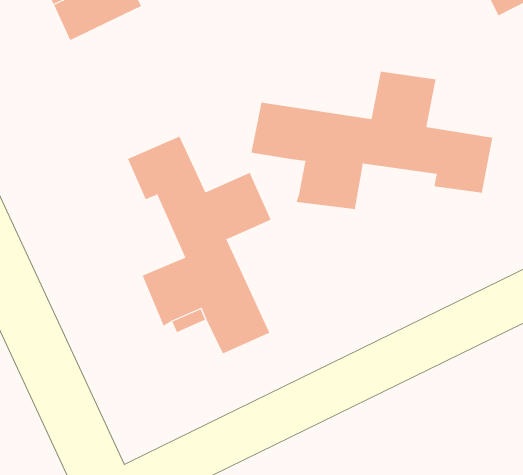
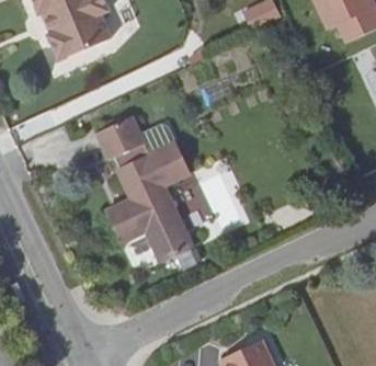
building: [251,71,493,210] -> none

